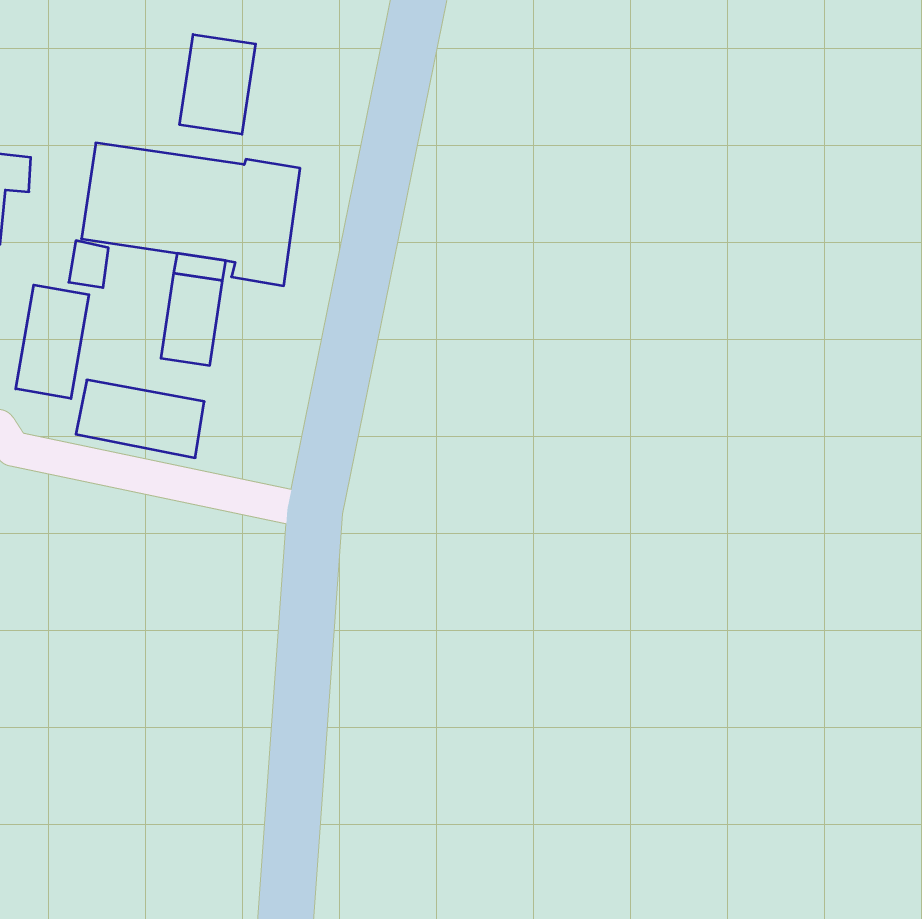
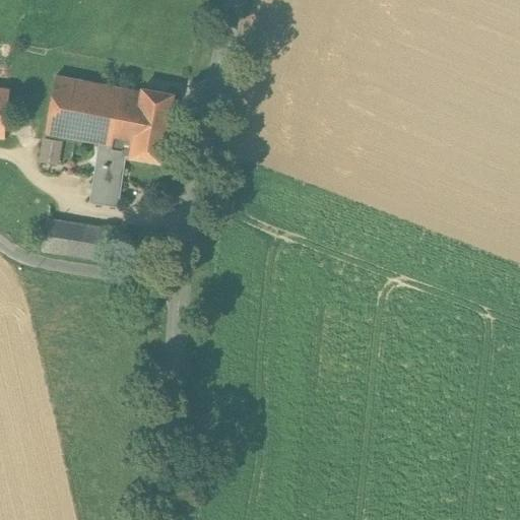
building: [180,34,256,134] -> none
building: [16,285,89,399] -> none

